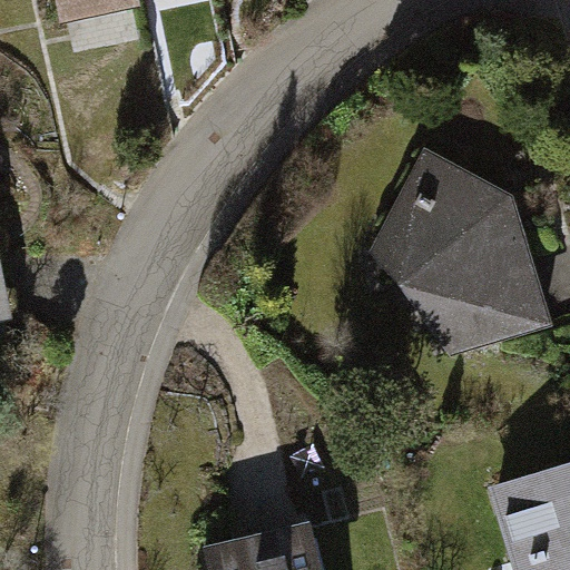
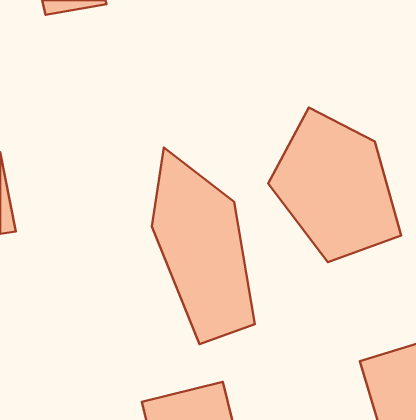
building: none -> [152,147,255,344]

